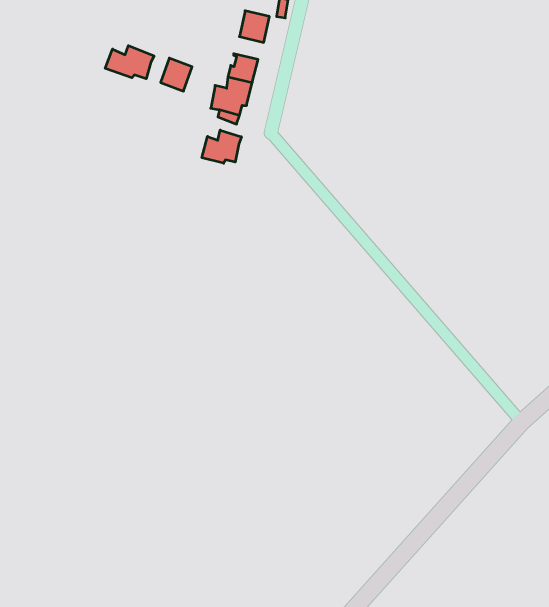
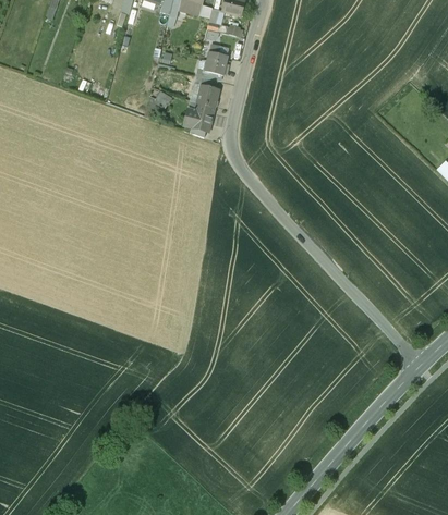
building: [105,46,154,79] -> none
building: [202,130,241,163] -> none

